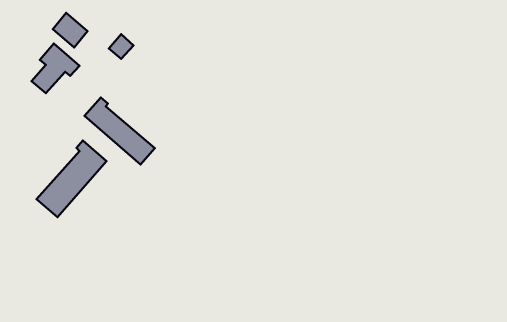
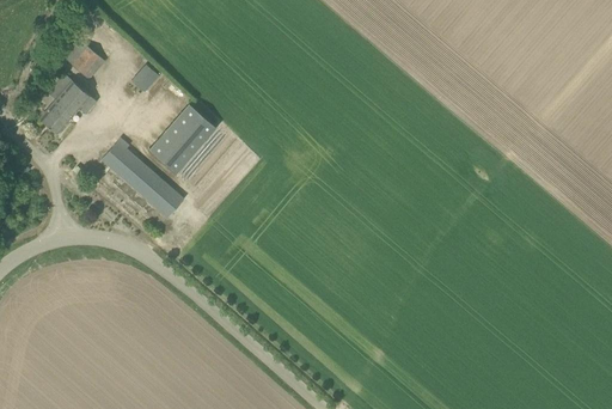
building: none -> [149,103,216,172]
building: [37,141,106,217] -> none

